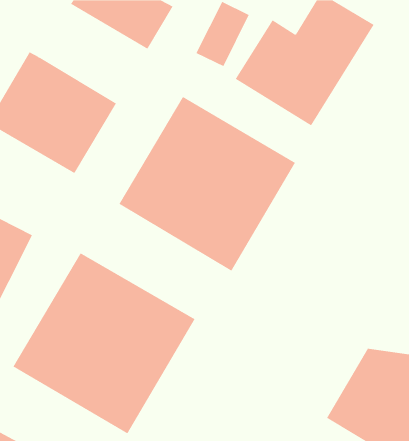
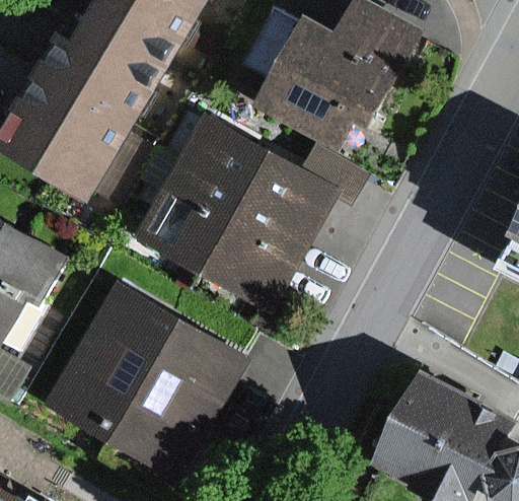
building: none -> [63,5,183,116]

